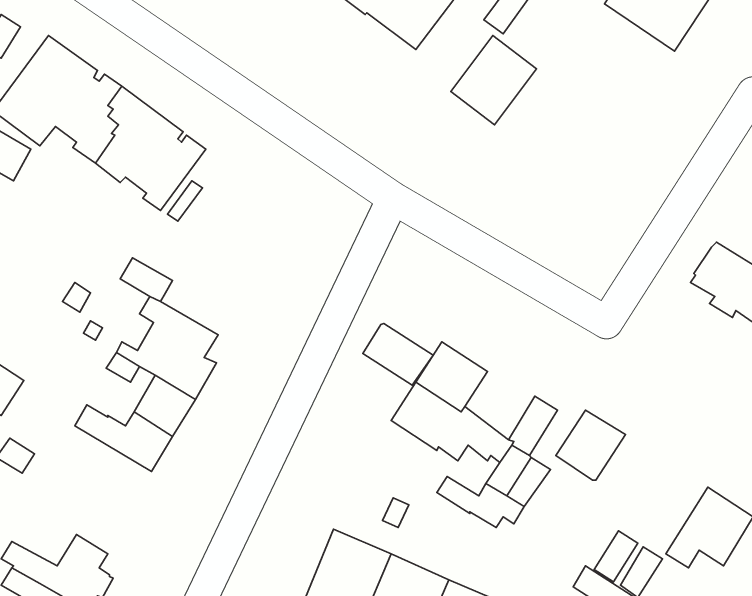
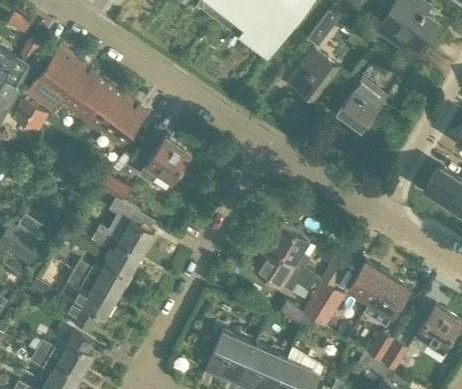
building: none -> [334,76,387,131]
building: none -> [141,138,192,184]
building: [363,324,433,385] -> none
building: none -> [54,272,117,328]
building: none -> [364,277,409,327]

